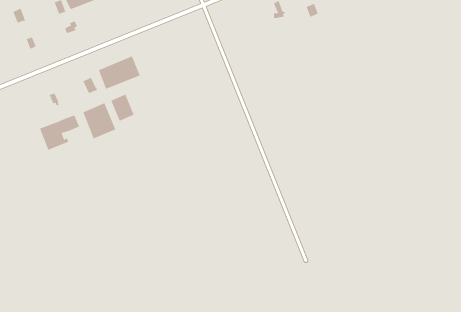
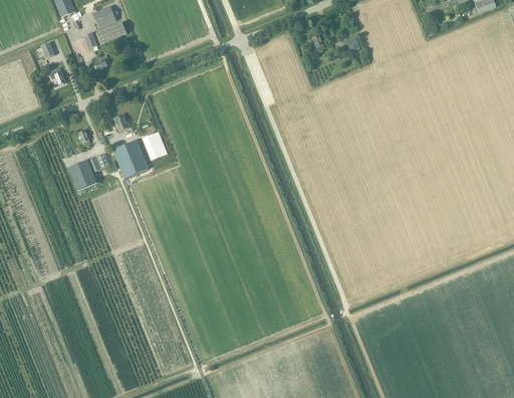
building: [98,55,140,90] -> none

